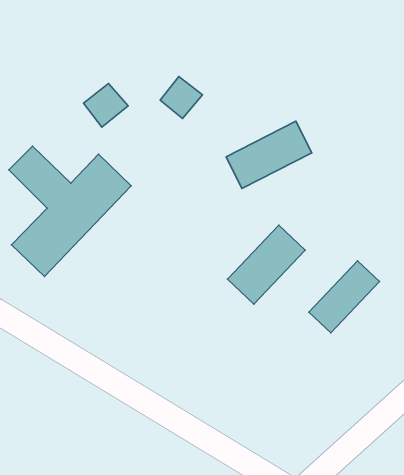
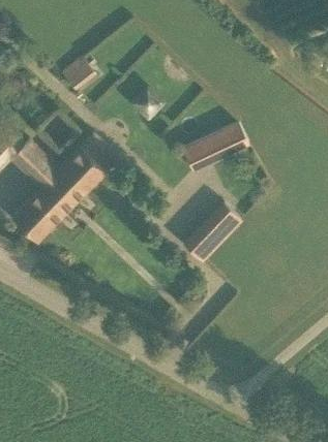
building: [83,84,128,127] -> [61,59,96,93]
building: [309,261,380,333] -> none

